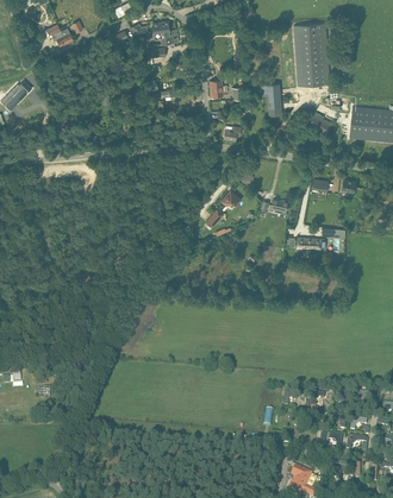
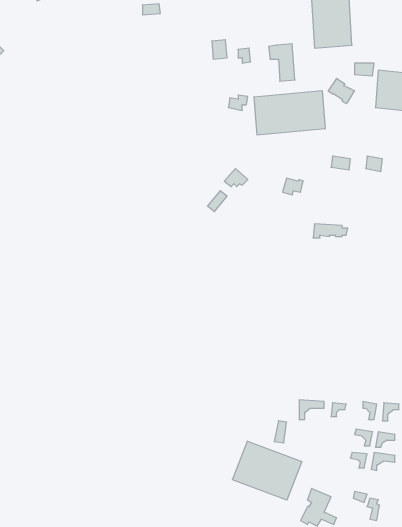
building: none -> [254,91,325,135]
building: none -> [232,441,302,500]

